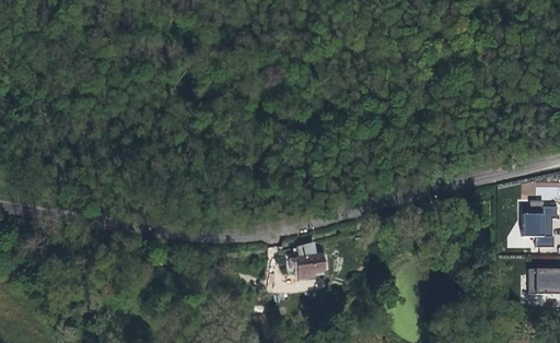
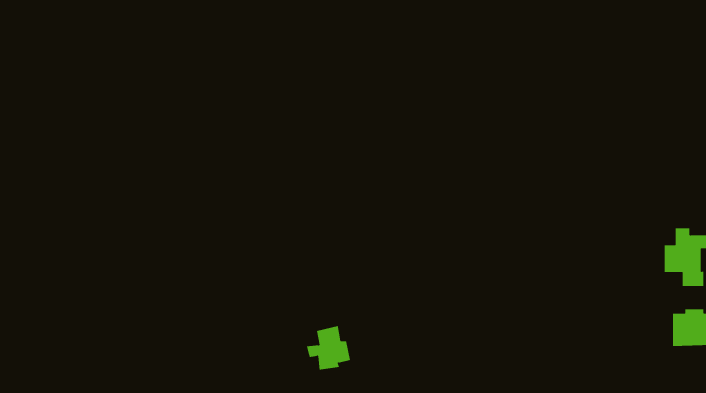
building: [290,244,325,279] -> [306,325,351,370]

